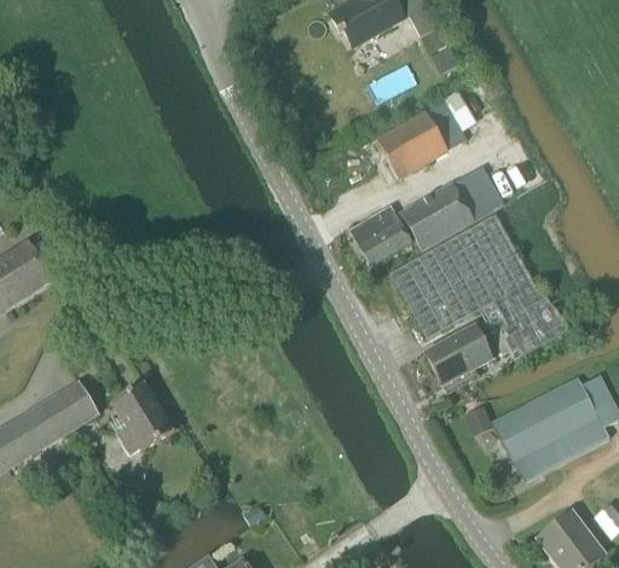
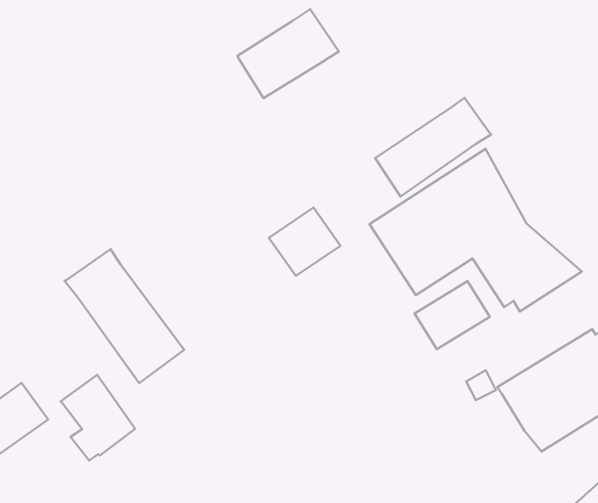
building: [378,102,467,175] -> [238,9,339,98]
building: [349,205,411,263] -> [269,208,340,276]
building: none -> [64,249,184,383]

